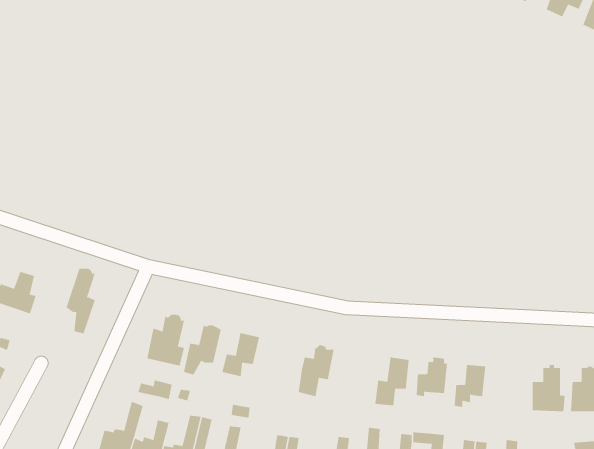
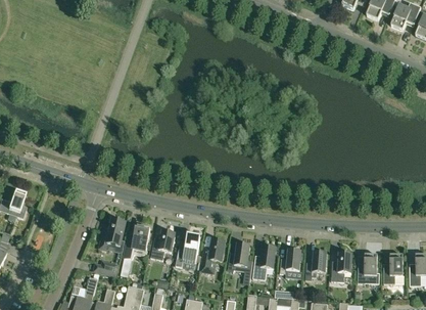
building: [66,268,96,334] -> none
building: none -> [176,235,199,265]
building: none -> [228,240,253,271]
building: none -> [331,250,352,280]

